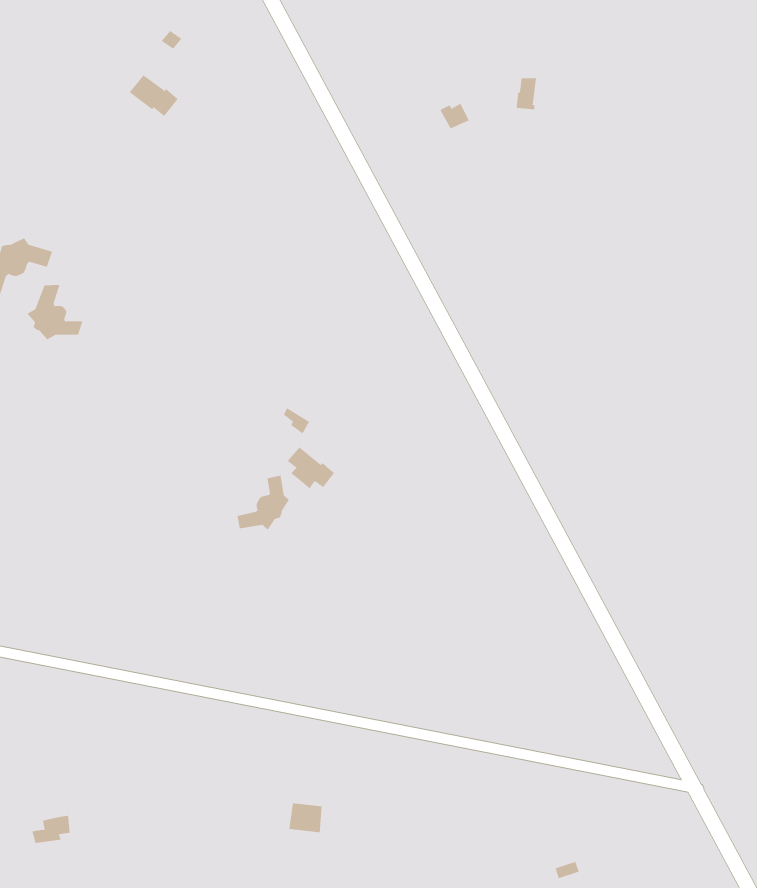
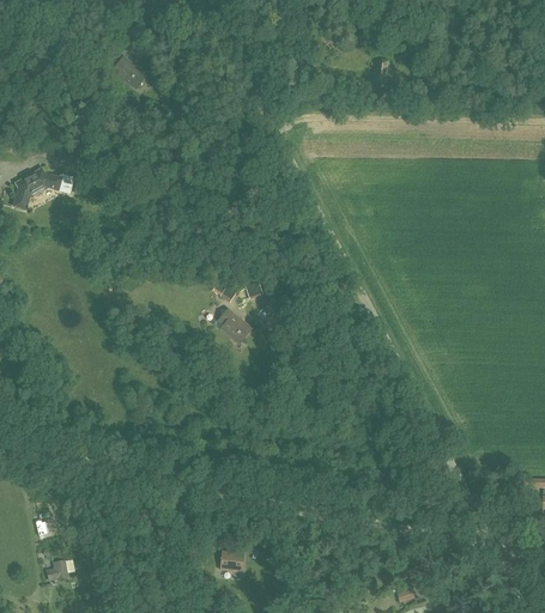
building: [27,284,83,340] -> none
building: [237,475,290,531] -> none

